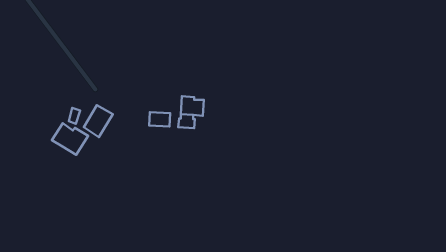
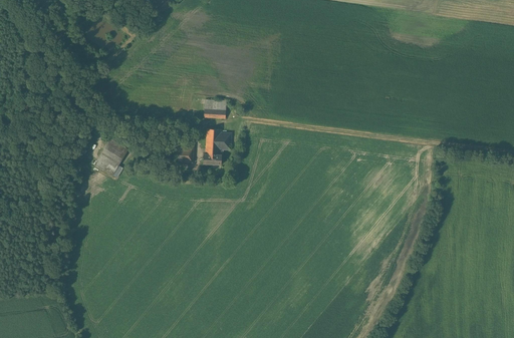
building: none -> [204,100,227,118]
building: [52,123,88,155] -> none

